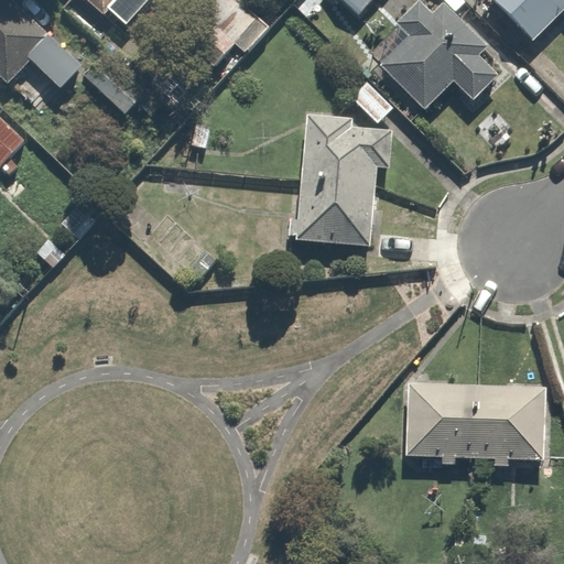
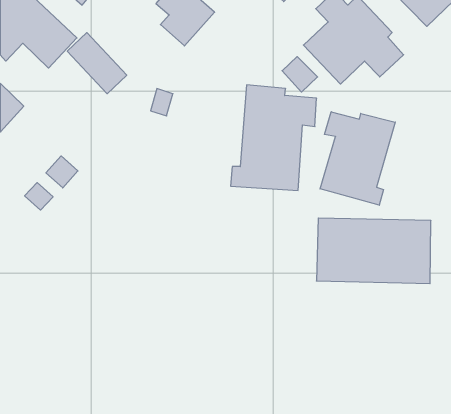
building: none -> [320,112,395,205]
building: [404,381,546,463] -> [316,218,431,284]

